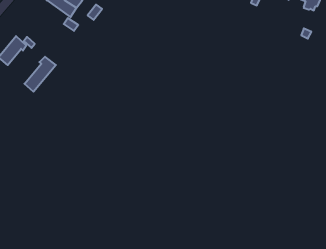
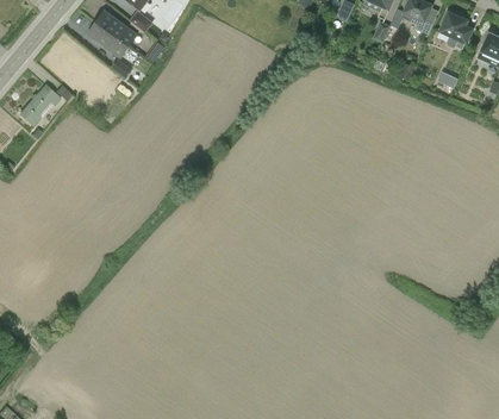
building: [24,57,56,92] -> none

